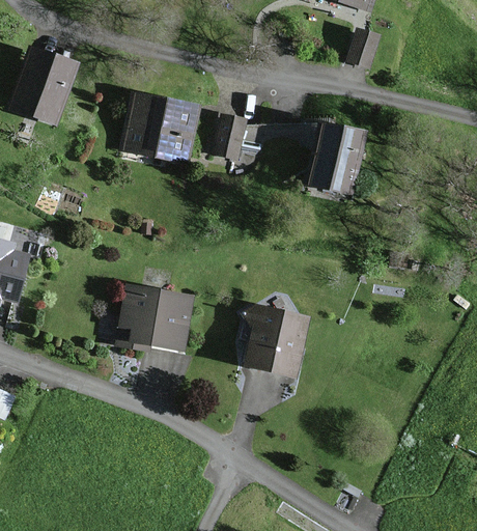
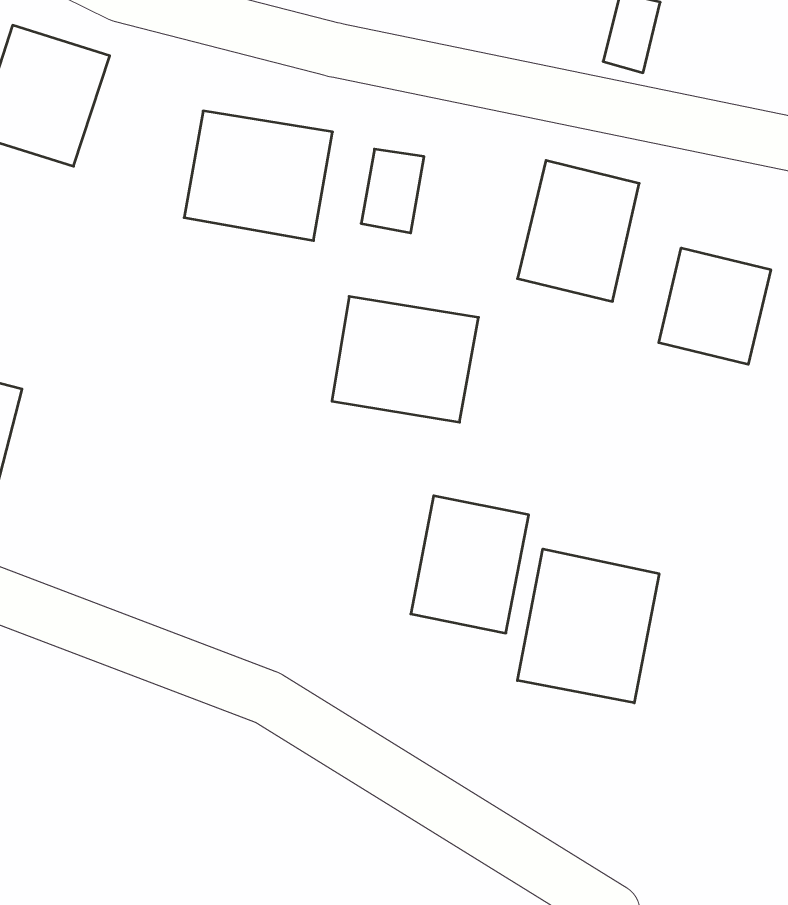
building: none -> [659,248,771,364]
building: [115,284,195,353] -> [332,296,479,422]
building: none -> [517,549,659,703]

